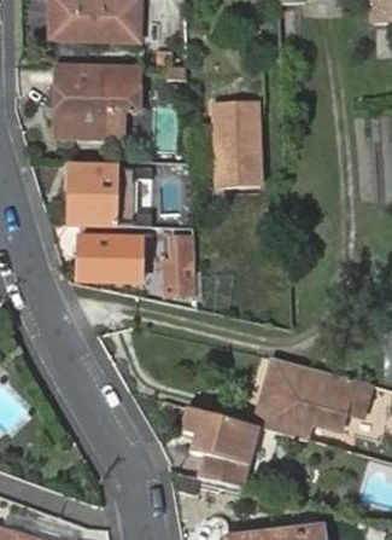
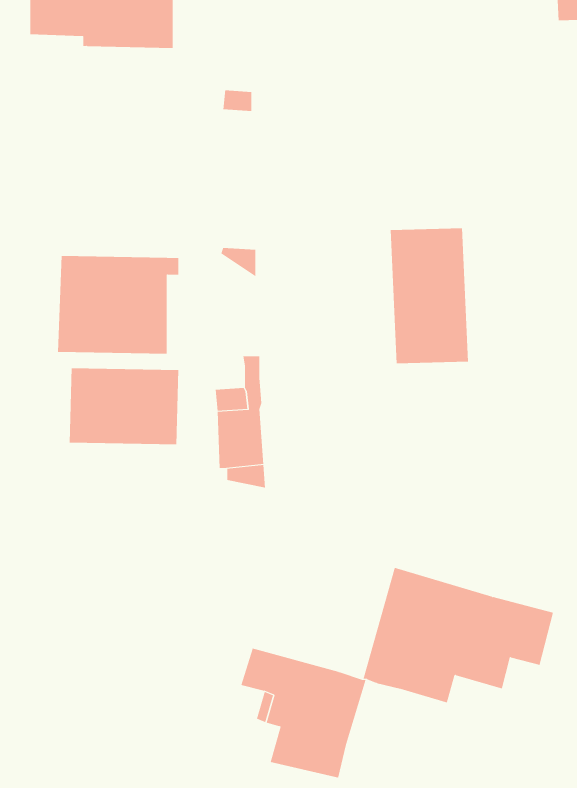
building: [55,63,142,138] -> none
building: [213,101,262,185] -> [390,228,469,364]

